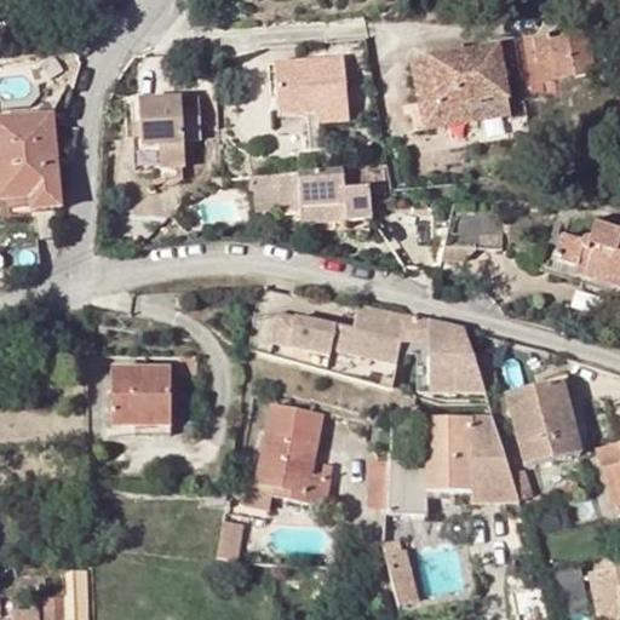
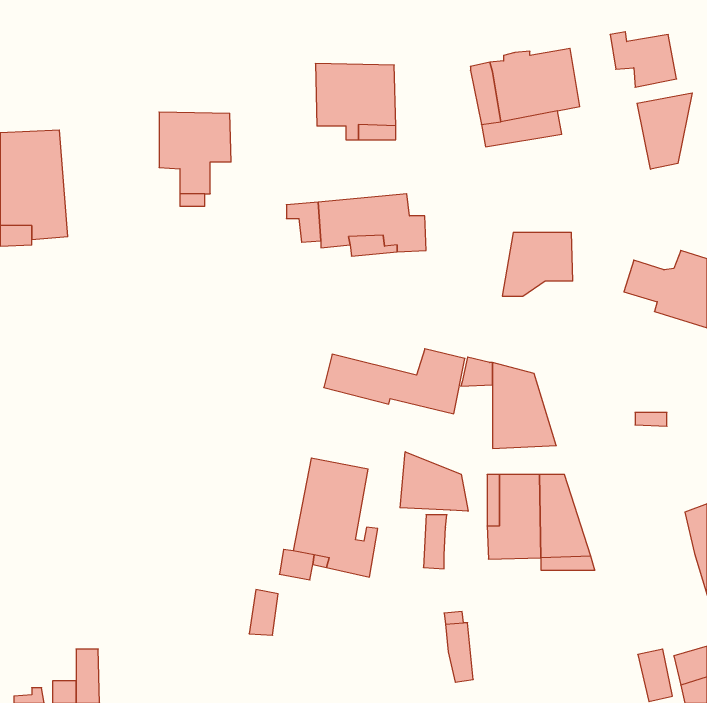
building: none -> [637,93,692,169]
building: [110,366,168,425] -> none
building: [504,378,582,465] -> none
building: none -> [400,452,468,511]

